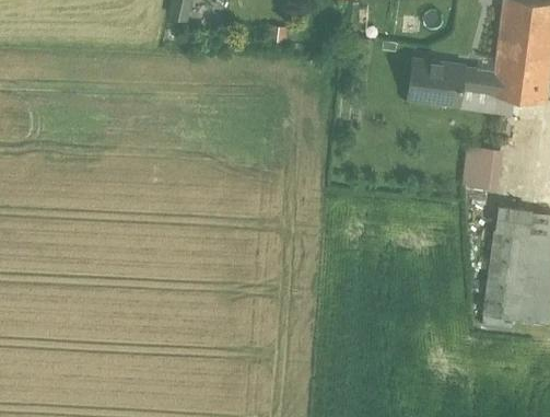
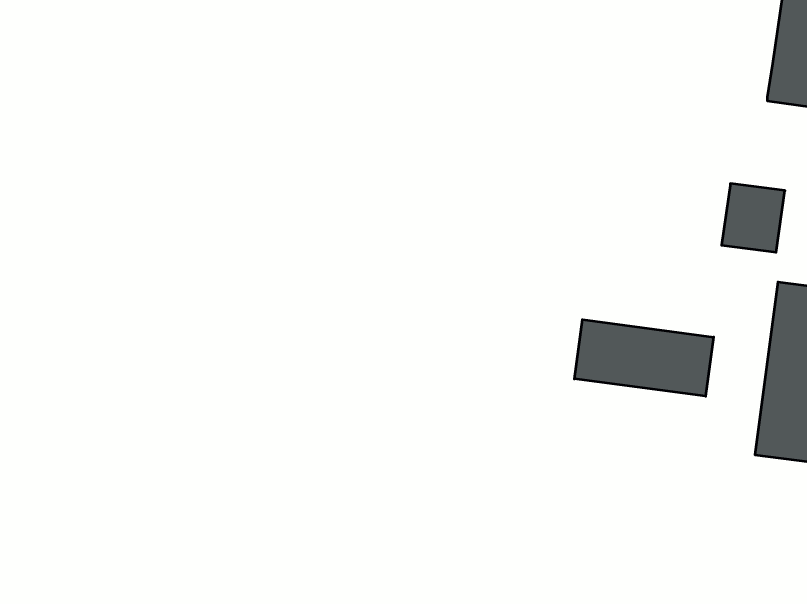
building: [405,59,494,106] -> none
building: none -> [574,320,714,396]

